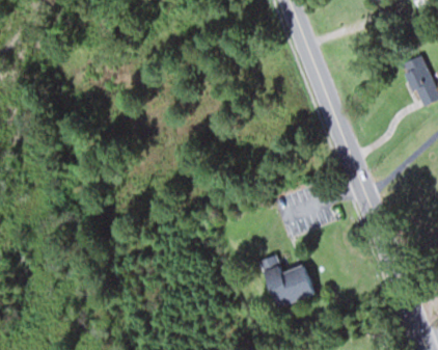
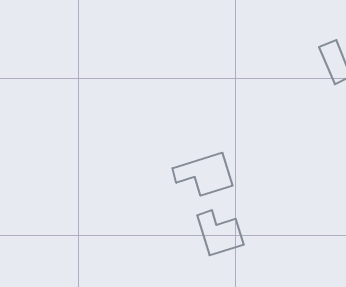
building: none -> [172,153,233,196]

